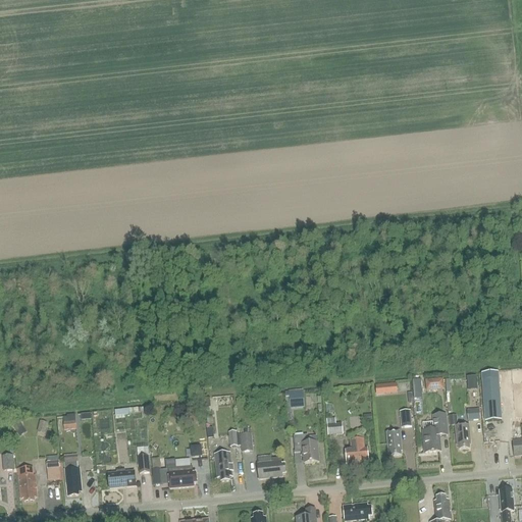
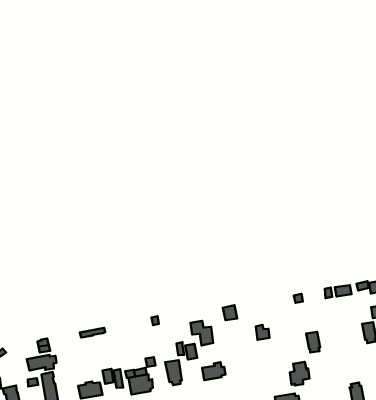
building: [422,412,448,451] -> none
building: none -> [27,355,57,371]
building: [294,433,319,463] -> [191,321,213,346]
building: [345,437,368,465] -> [290,362,310,386]

